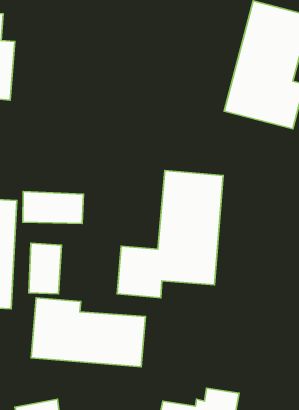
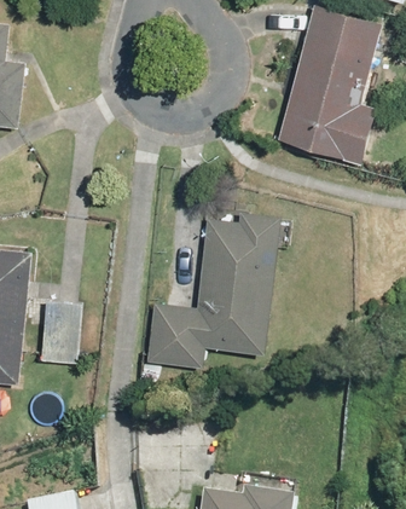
building: [23,192,83,224] -> none
building: [31,298,146,367] -> none

